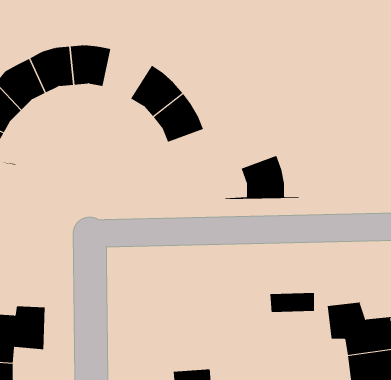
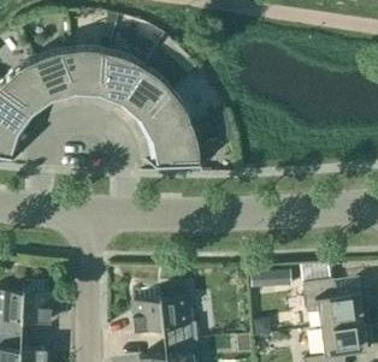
building: none -> [101,52,144,96]
building: [225,155,300,199] -> [144,124,212,164]
building: none -> [132,289,197,342]

